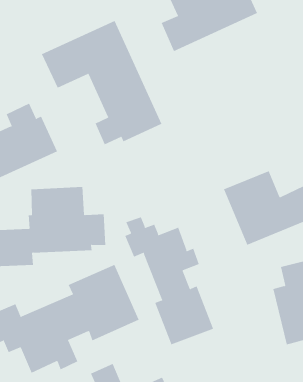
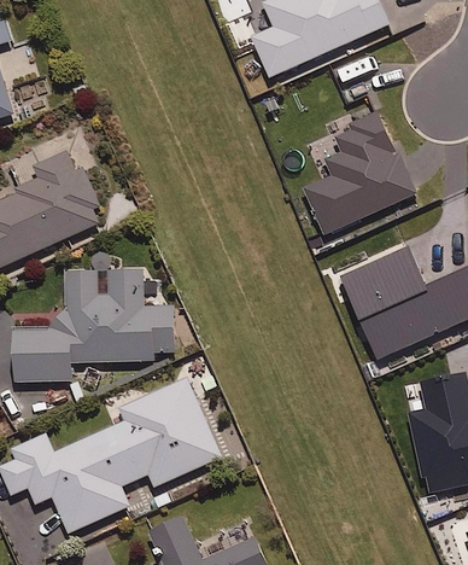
building: [41,20,162,145] -> none
building: none -> [304,112,420,247]
building: [125,217,214,345] -> none

